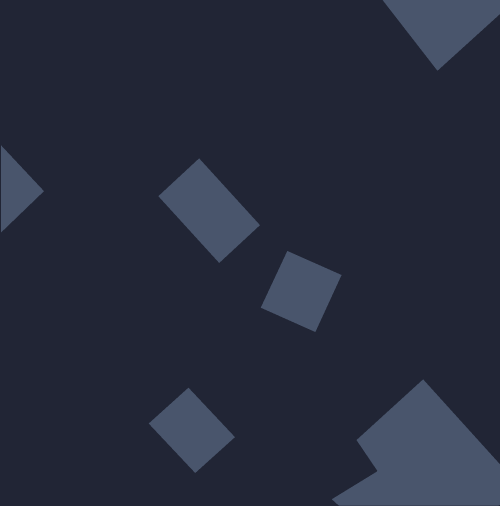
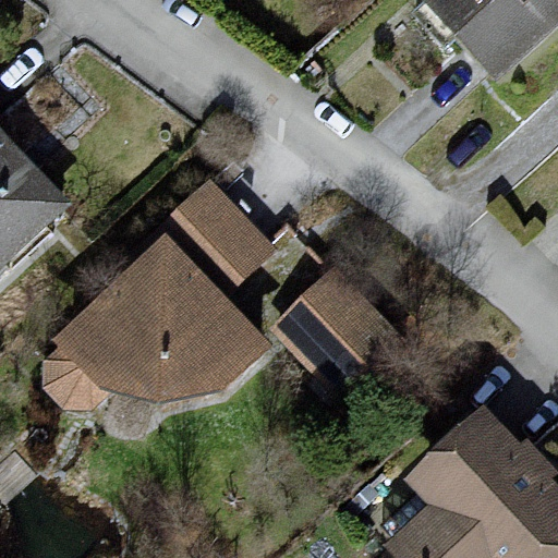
building: none -> [49,238,265,410]
building: [148,387,236,474] -> none

